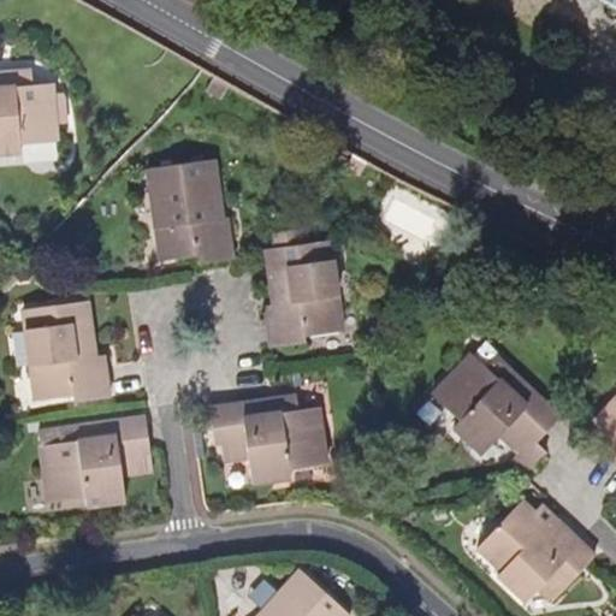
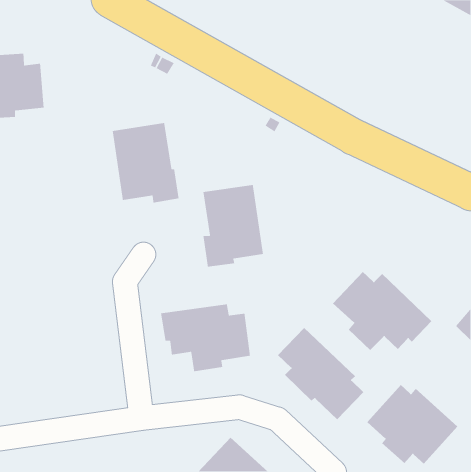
building: [20,301,109,403] -> none
building: [37,415,150,508] -> none
building: none -> [277,327,364,420]

